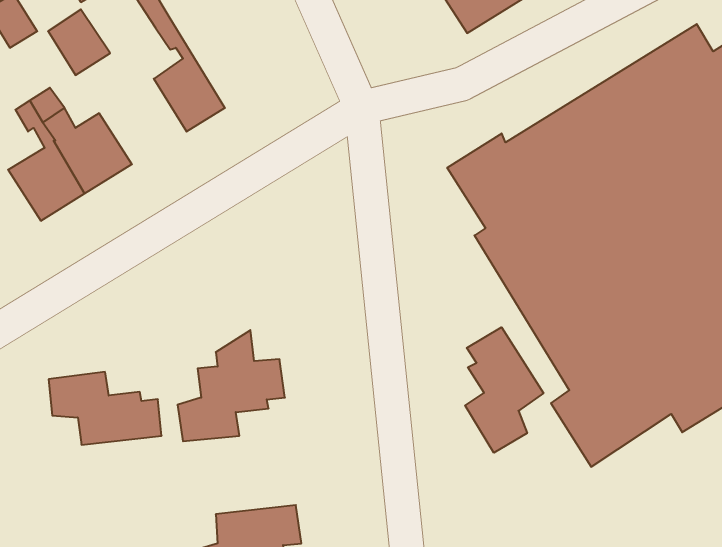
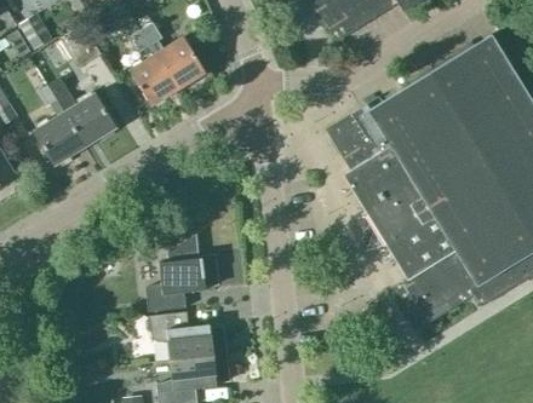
building: none -> [139,23,204,90]
building: [465,327,543,453] -> none
building: [49,372,162,445] -> [148,311,223,359]

